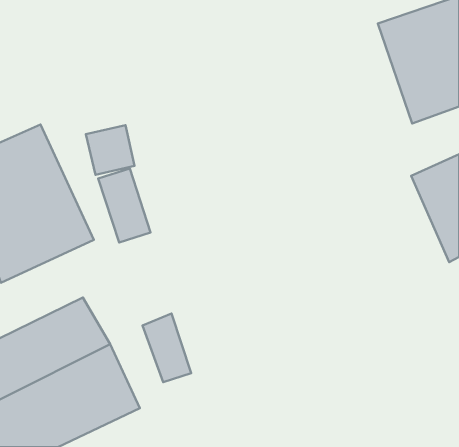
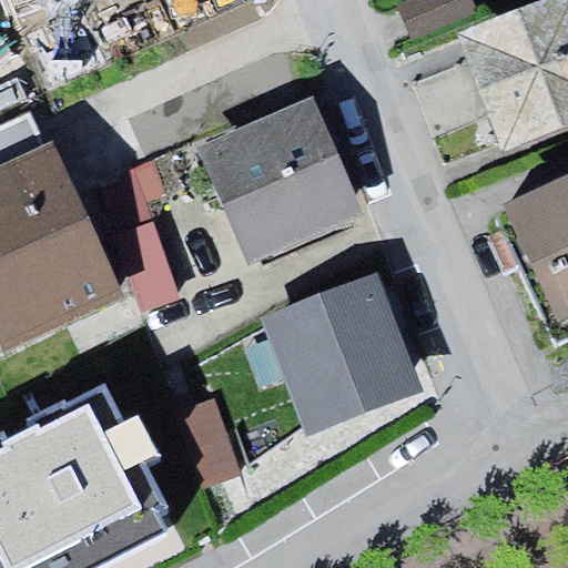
building: none -> [200,101,361,263]
building: none -> [266,275,424,430]

